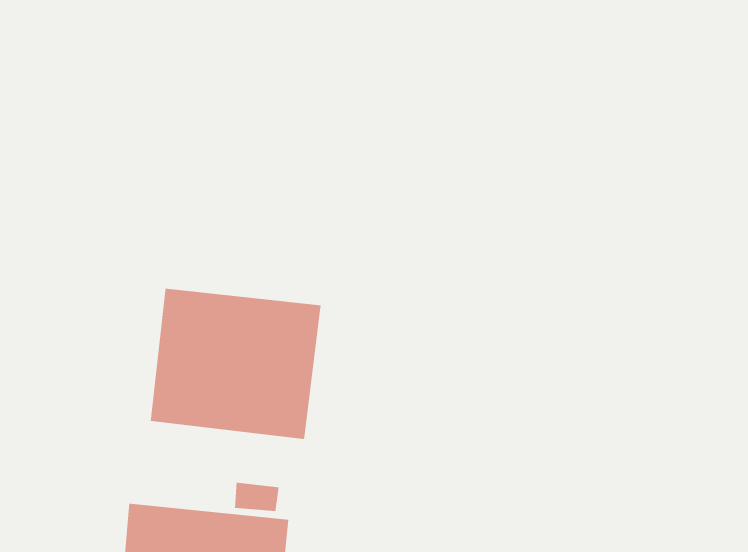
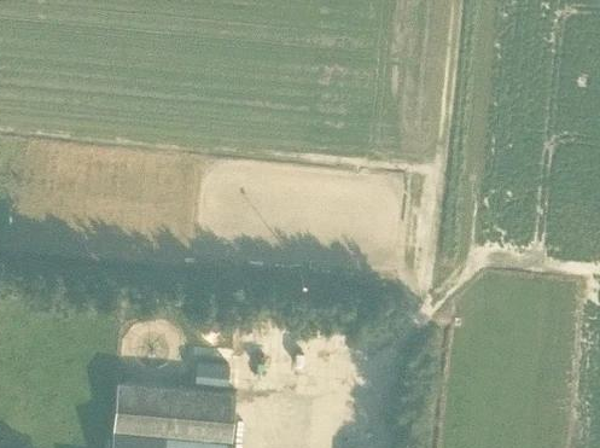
building: [150,288,321,440] -> none

